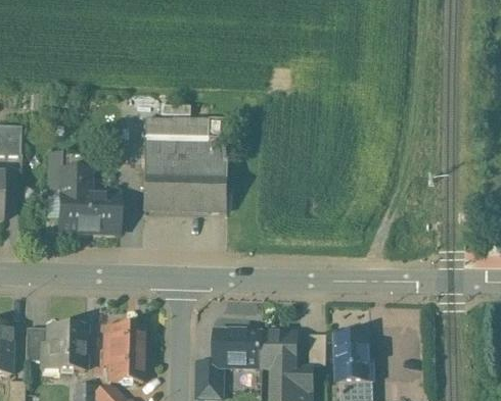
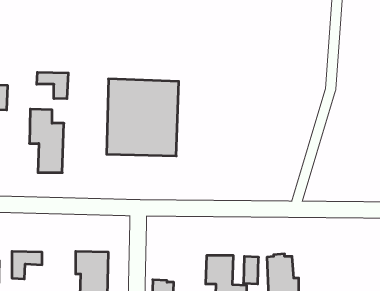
building: none -> [37,72,68,99]
building: [87,195,119,232] -> none
building: [41,327,85,369] -> none
building: [215,331,263,366] -> none

